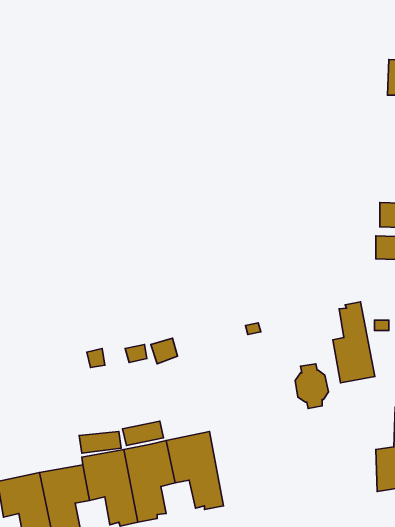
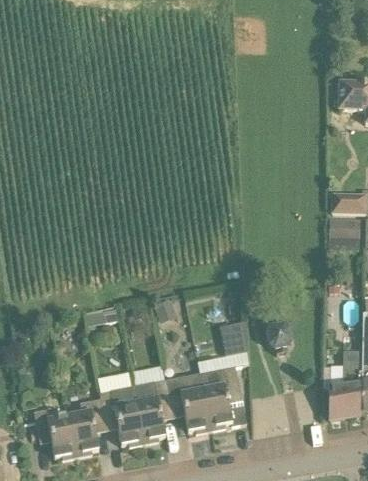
building: [333,302,375,383] -> none
building: none -> [226,327,248,356]
building: none -> [199,367,246,432]

